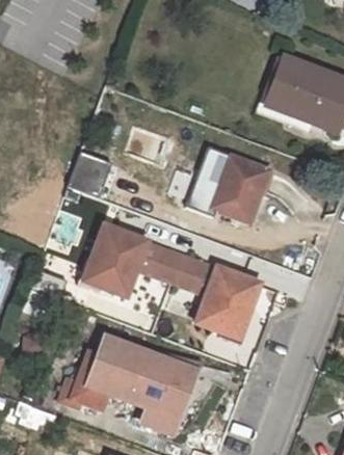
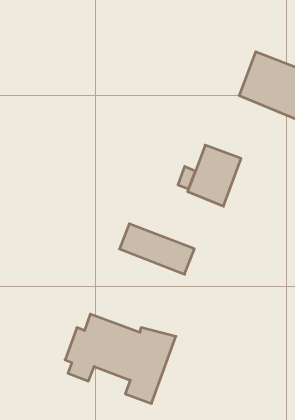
building: [69,152,113,198] -> none
building: [79,223,148,295] -> none
building: [196,267,259,343] -> none

